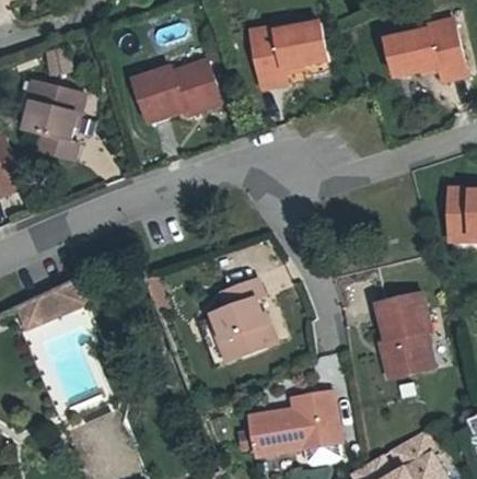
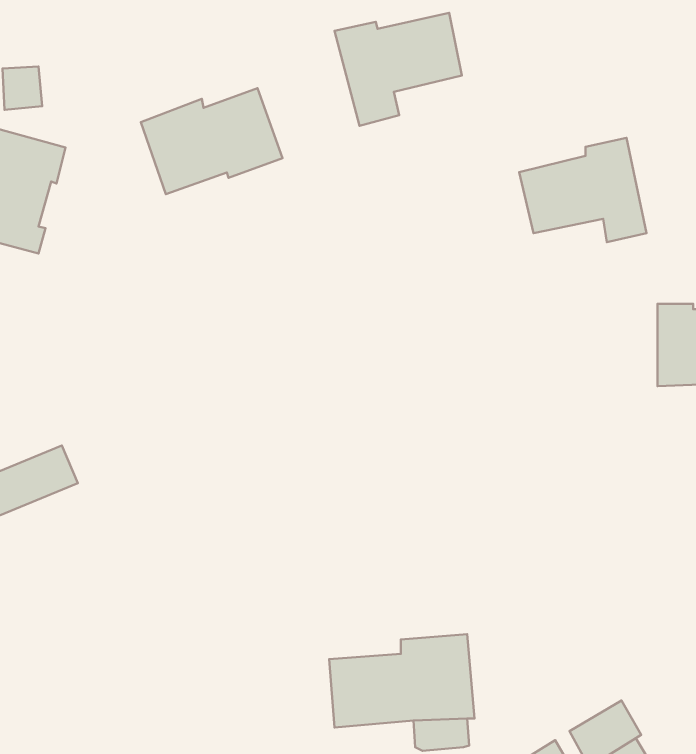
building: [387,12,465,75] -> [519,138,646,242]
building: [200,282,278,369] -> none
building: [373,297,433,383] -> none

